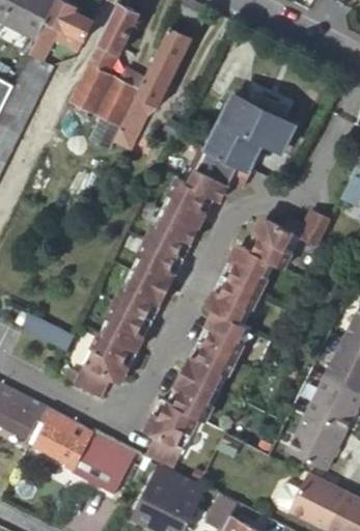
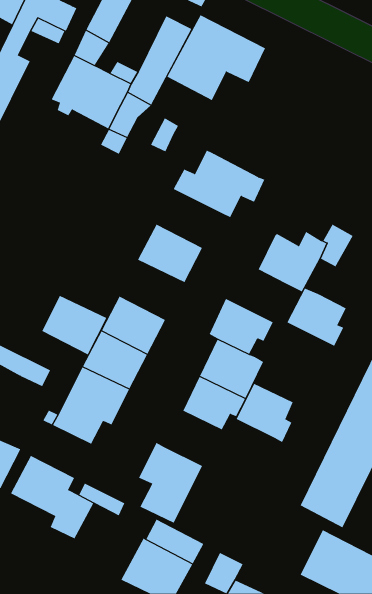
building: [212,93,298,168] -> [167,15,266,101]
building: [162,178,218,229] -> none
building: [130,240,187,291] -> [41,295,107,355]
building: [222,243,274,294] -> [287,288,346,347]
building: [169,370,219,422] -> [236,383,293,443]
building: [91,450,130,492] -> none

